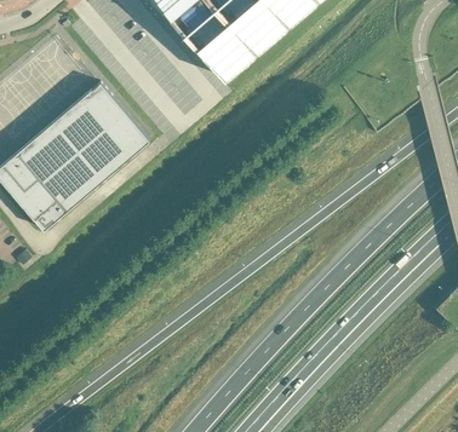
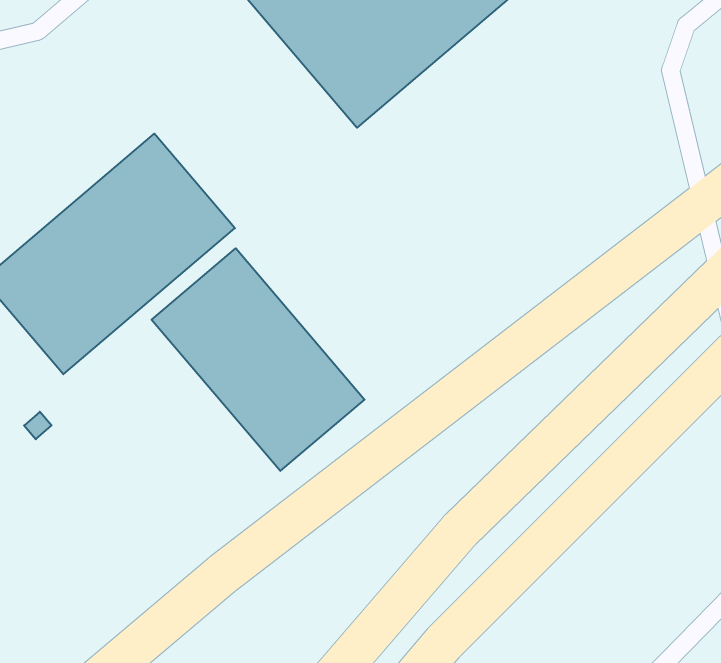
building: none -> [152,248,365,471]

